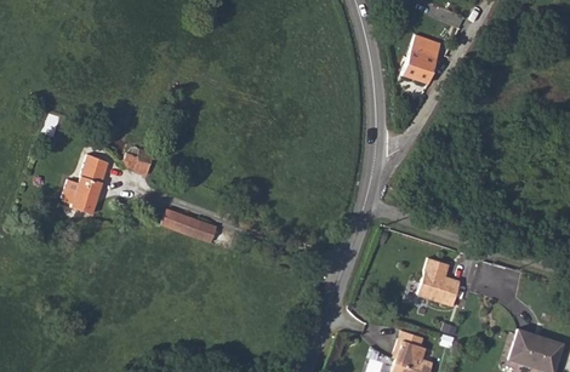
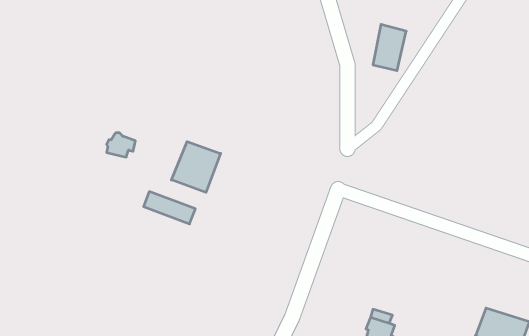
building: none -> [171,142,221,192]
building: [73,158,108,214] -> none
building: [420,257,463,305] -> none

